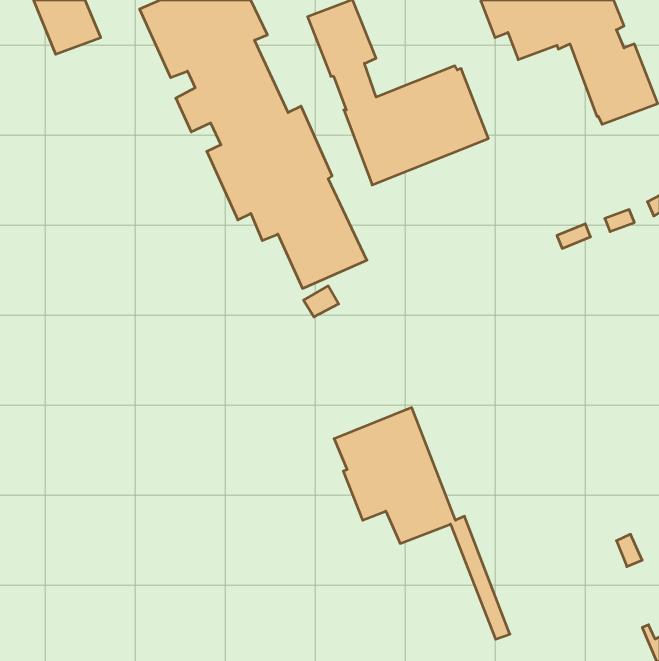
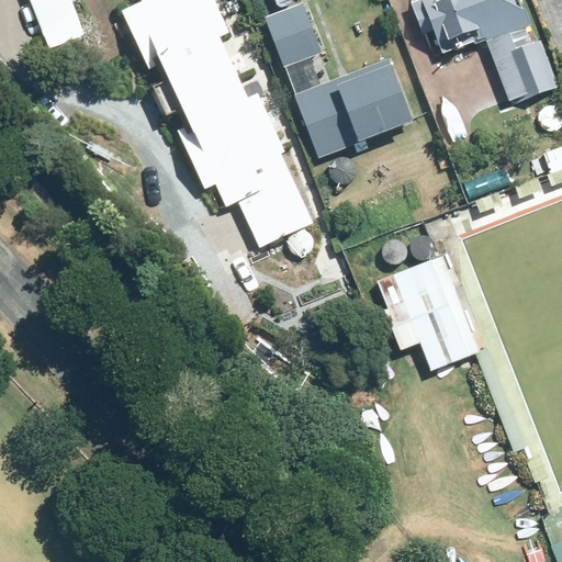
building: [334,408,510,639] -> [375,254,525,450]

